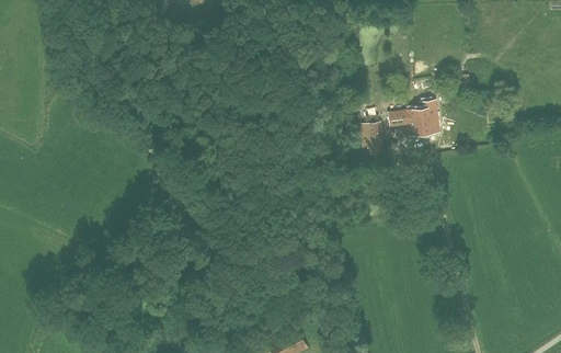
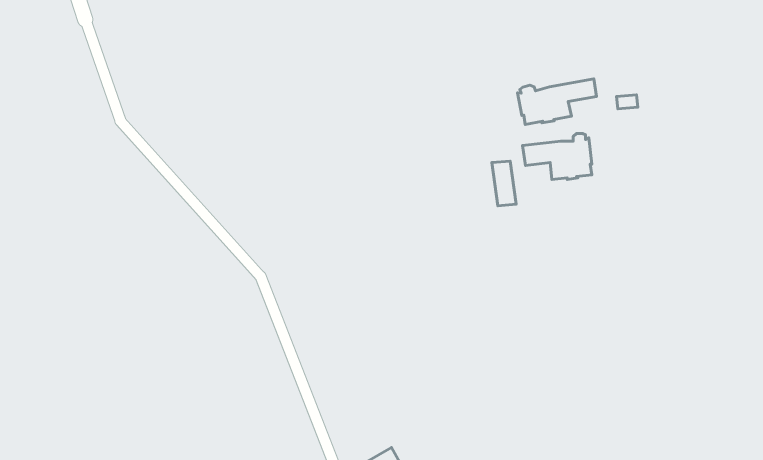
building: none -> [517,79,597,125]

